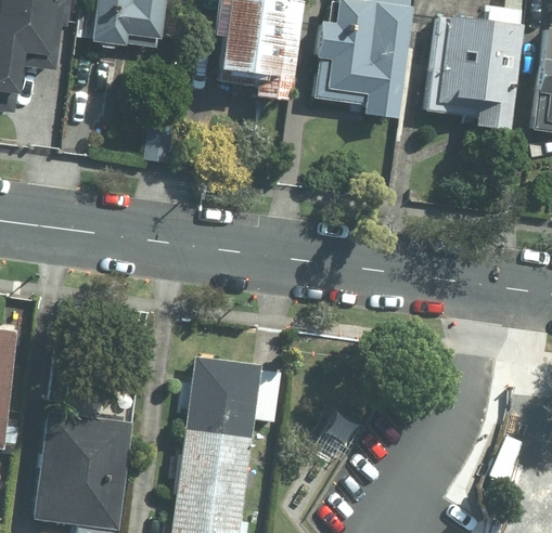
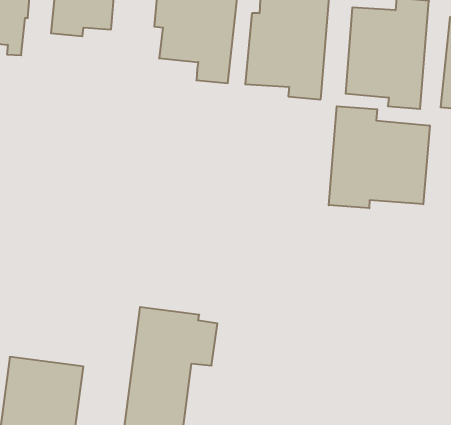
building: none -> [329,106,430,208]

